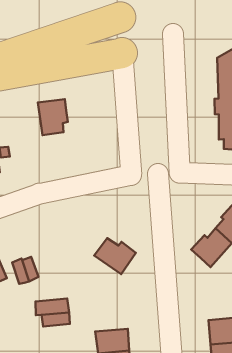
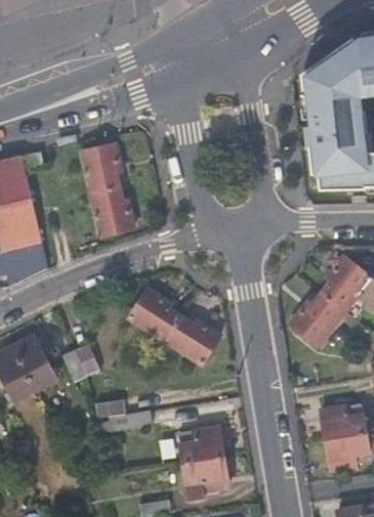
building: none -> [89,186,133,235]
building: none -> [132,290,182,340]

